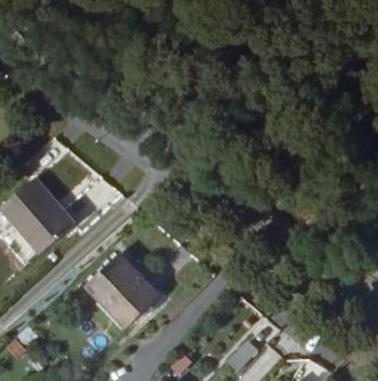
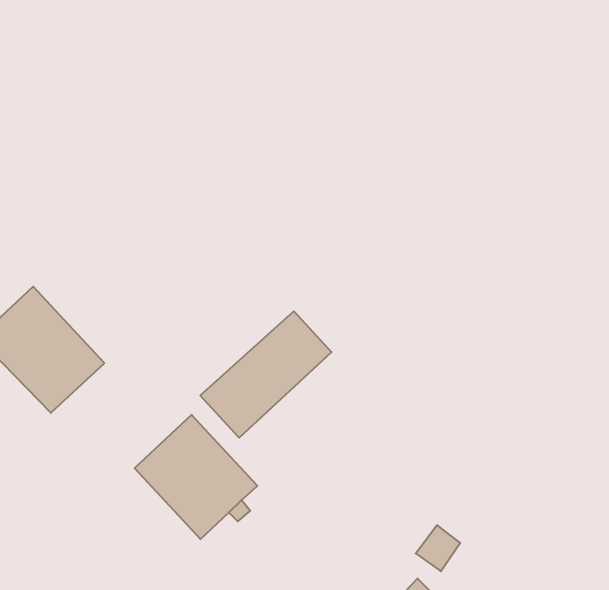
building: none -> [200,311,332,438]

